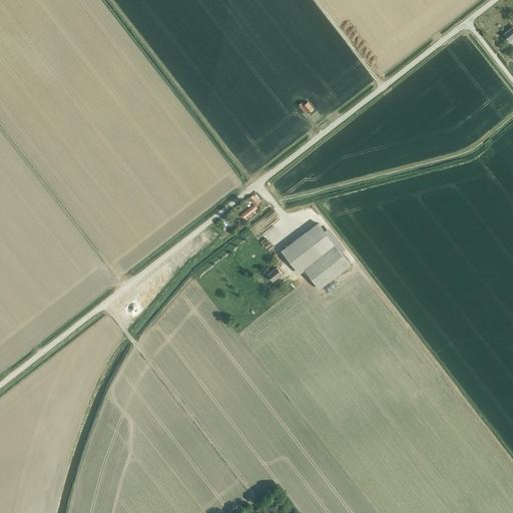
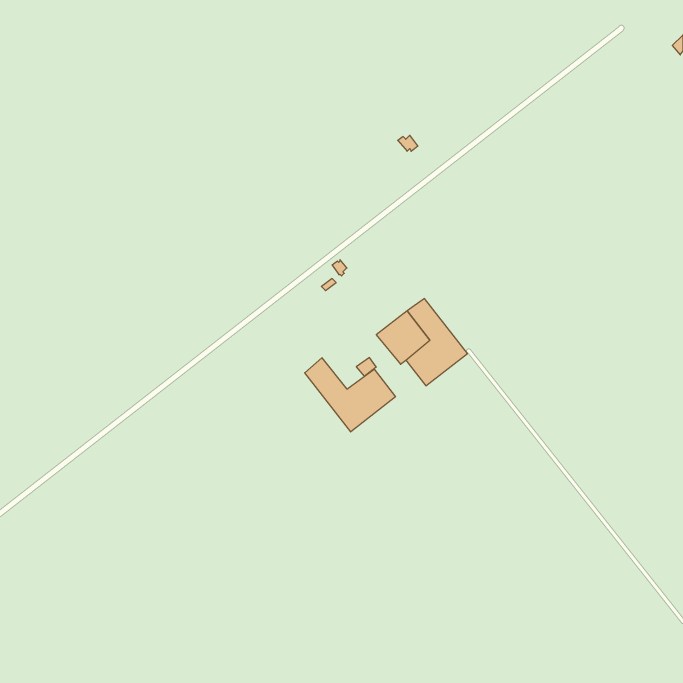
building: none -> [305,358,395,432]

